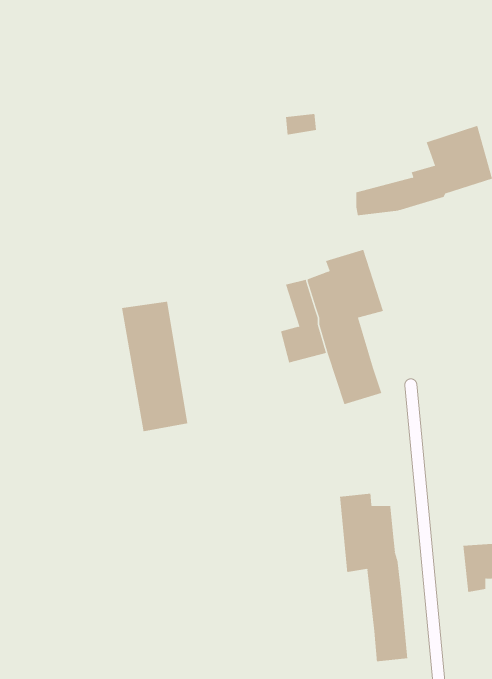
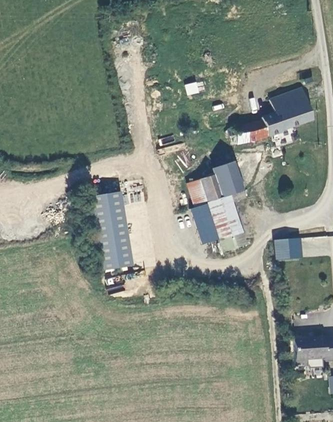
building: none -> [278,235,307,258]
building: [339,493,408,662] -> none

